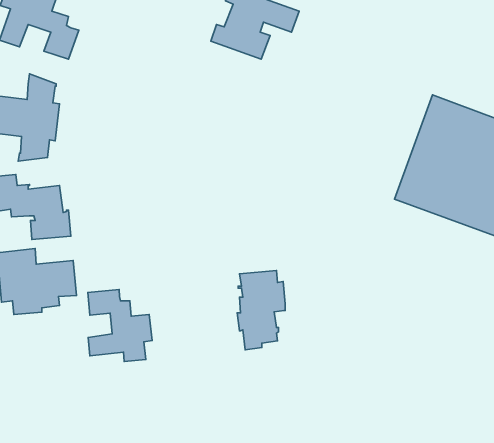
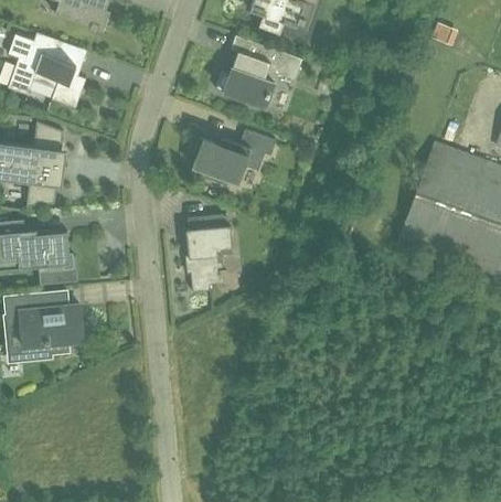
building: none -> [191,128,276,183]
building: [237,270,285,350] -> [184,213,232,291]
building: [88,289,152,362] -> none

